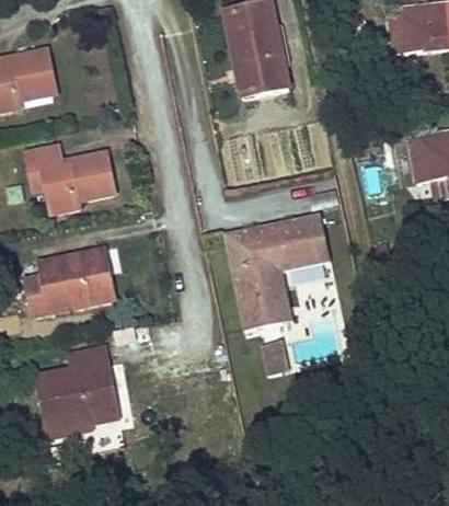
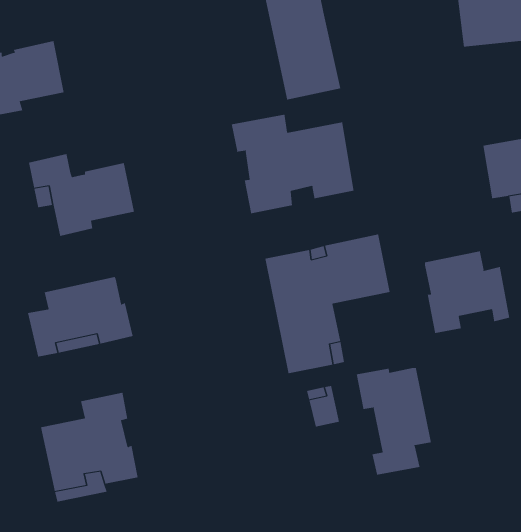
building: none -> [231,114,354,214]
building: none -> [424,250,510,334]
building: none -> [356,367,431,475]

